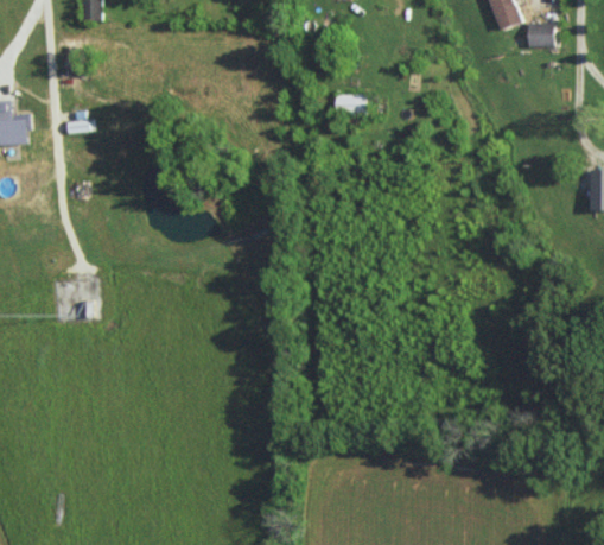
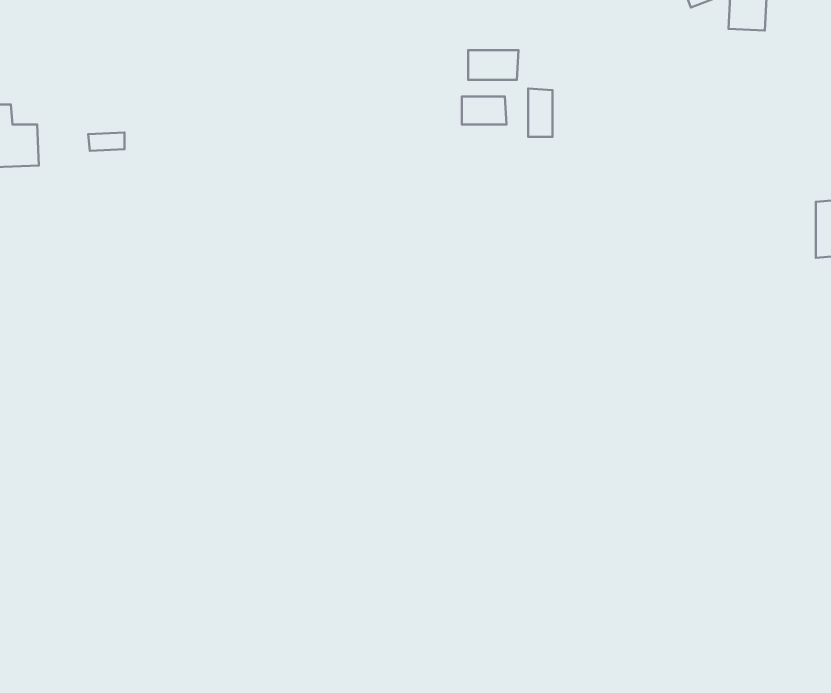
building: none -> [468,50,519,80]
building: none -> [528,89,552,137]

